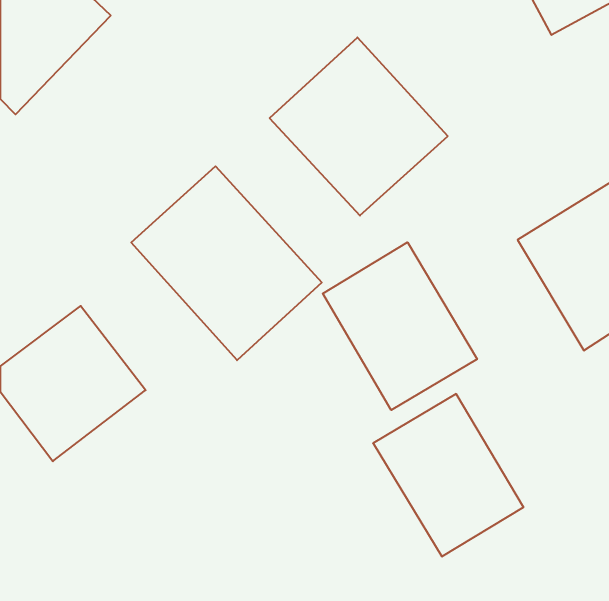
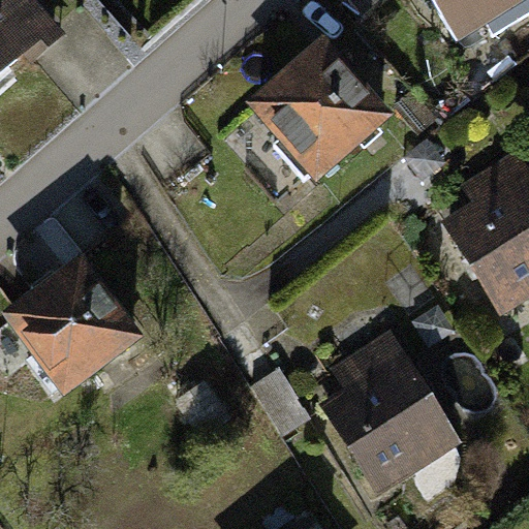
building: [131,166,322,360] -> none
building: [323,242,477,410] -> none

